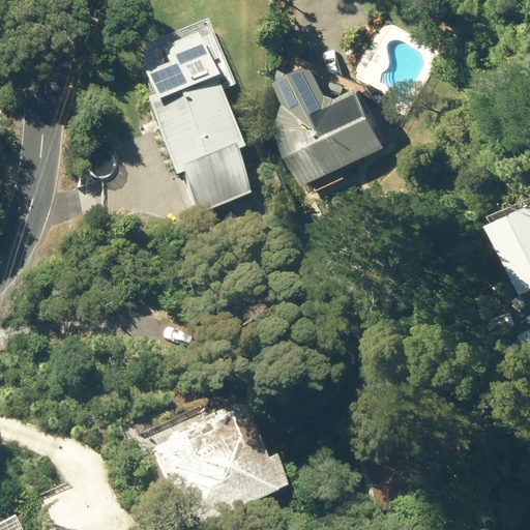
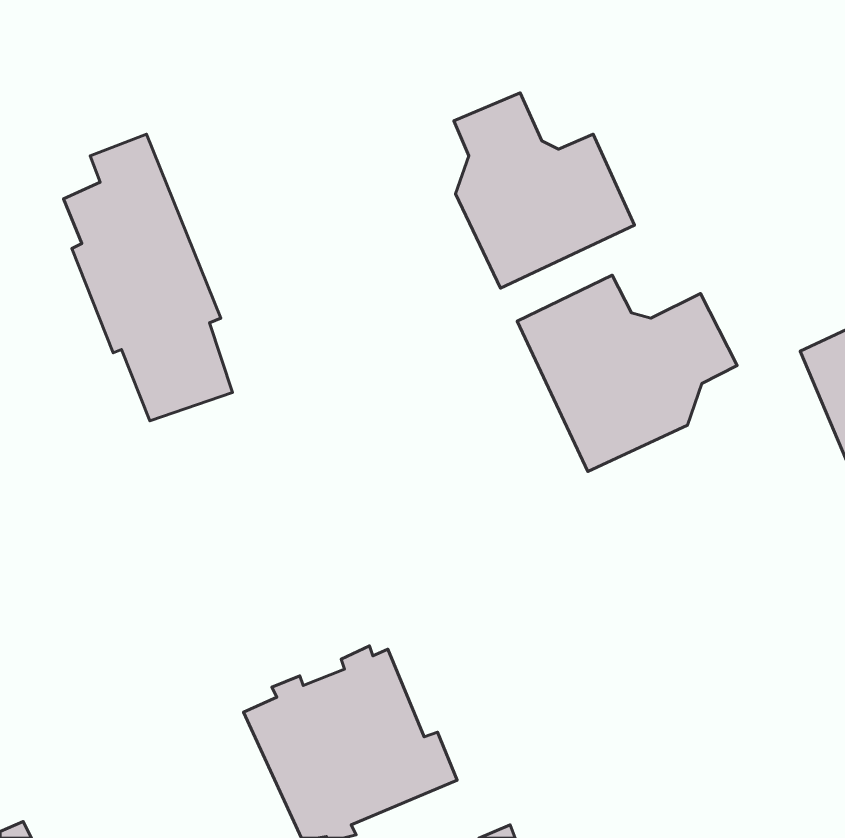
building: [143,31,248,210] -> [64,134,233,421]
building: none -> [517,275,737,471]

